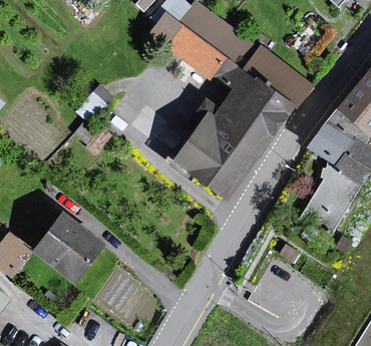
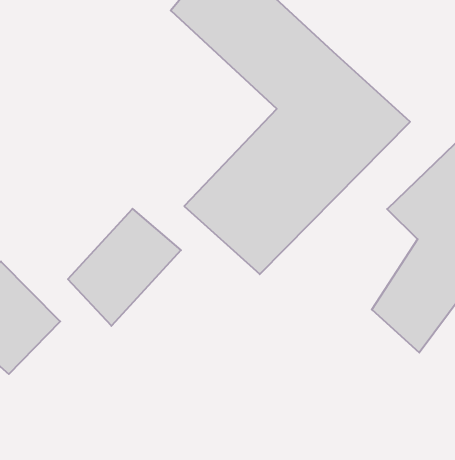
building: none -> [68,209,181,326]

